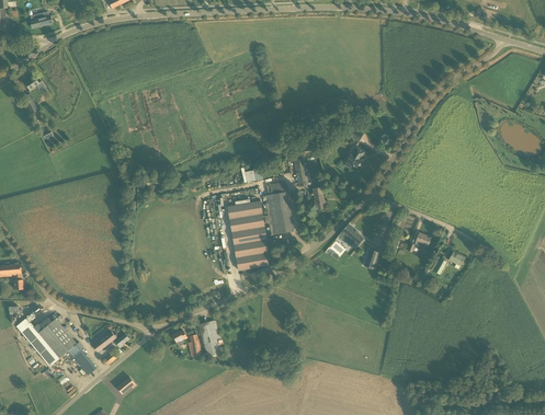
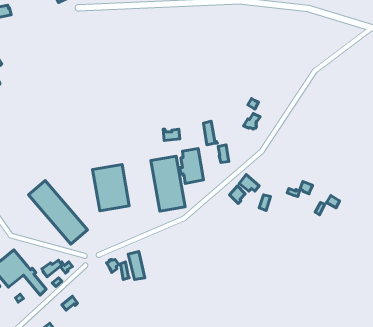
building: none -> [93,165,129,211]
building: none -> [29,181,88,244]

